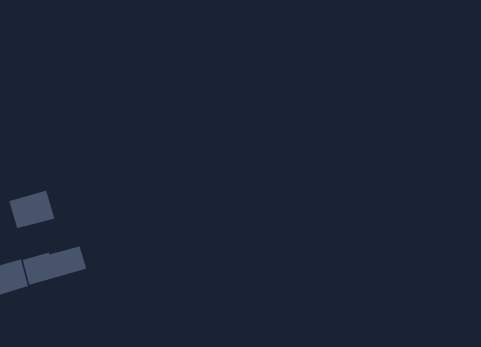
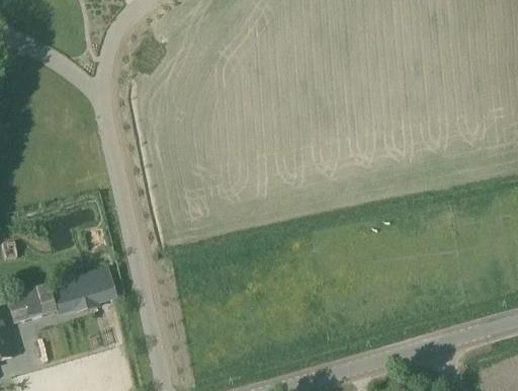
building: [9,190,55,229] -> none

